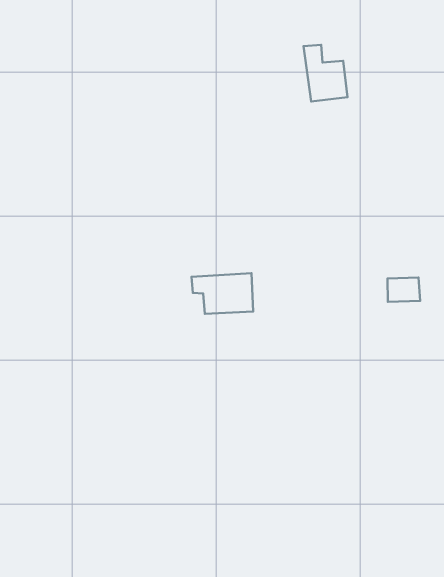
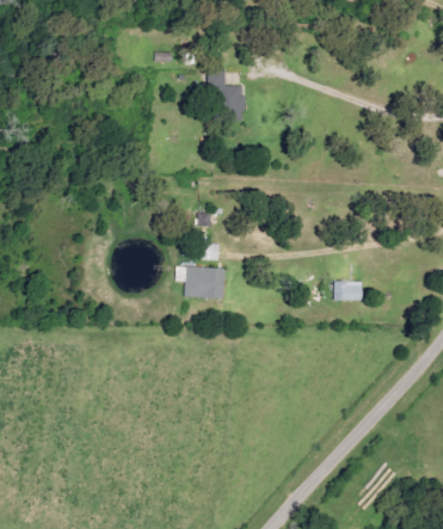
building: [304,45,348,102] -> [213,70,245,116]

